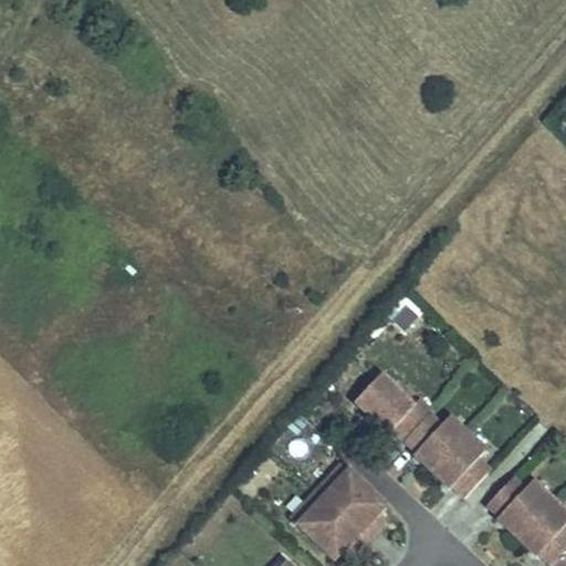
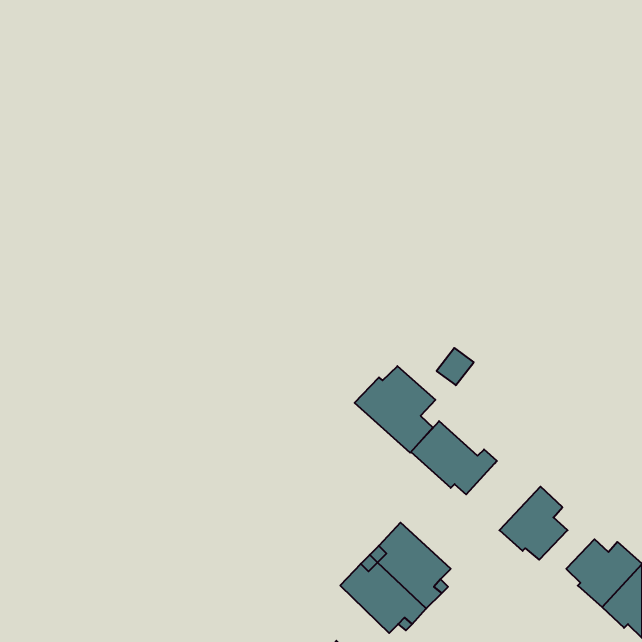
building: none -> [355,366,435,453]
building: [401,411,465,469] -> none

